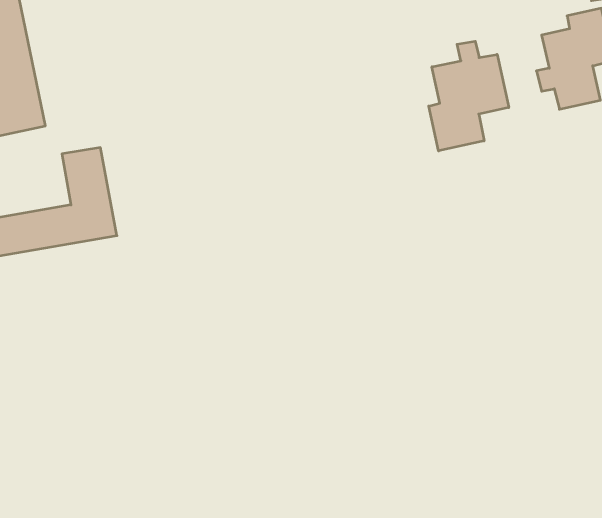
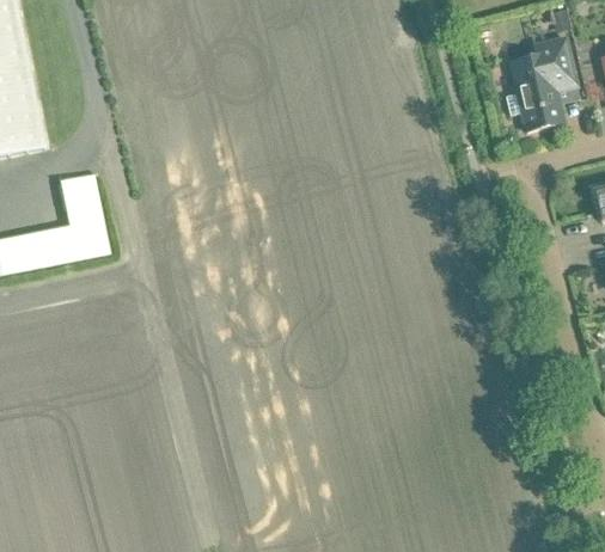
building: [429,41,509,151] -> none

